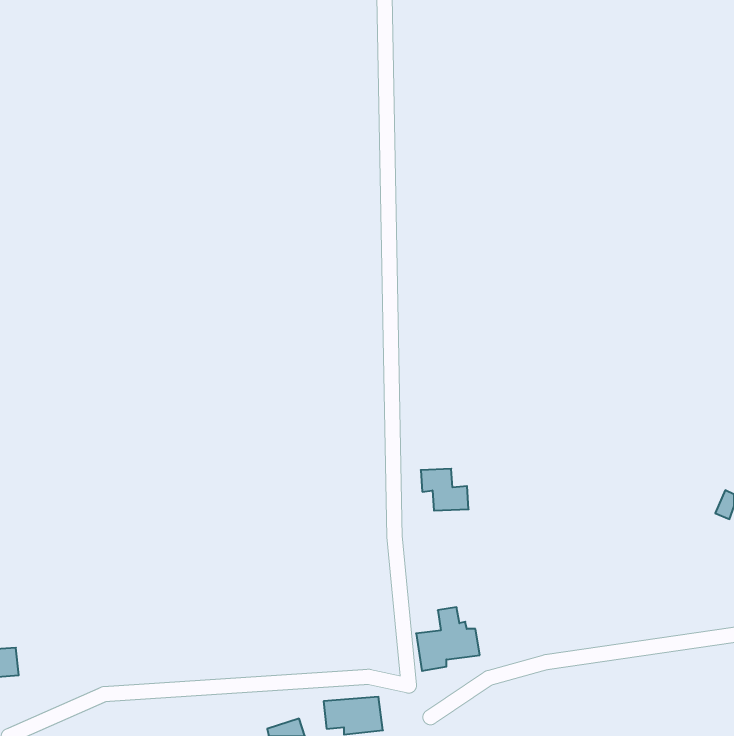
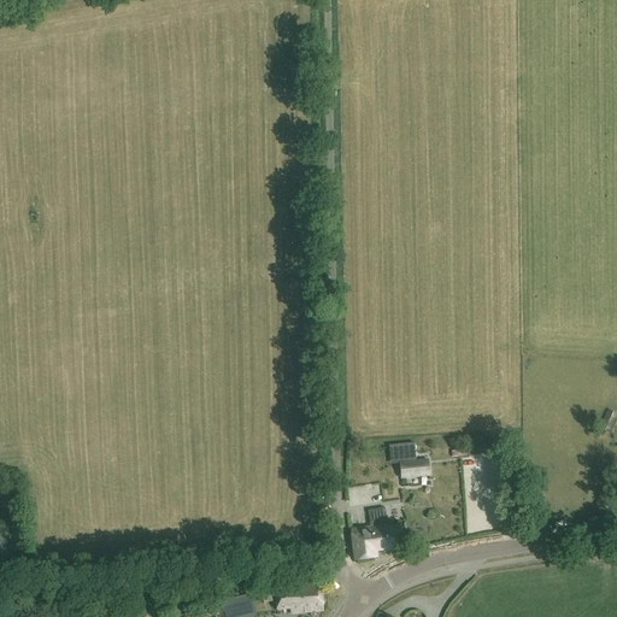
building: [421,469,469,511] -> [389,442,429,477]

